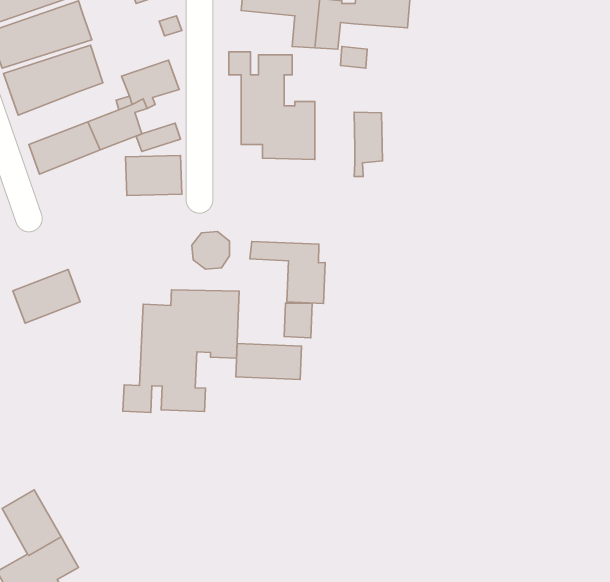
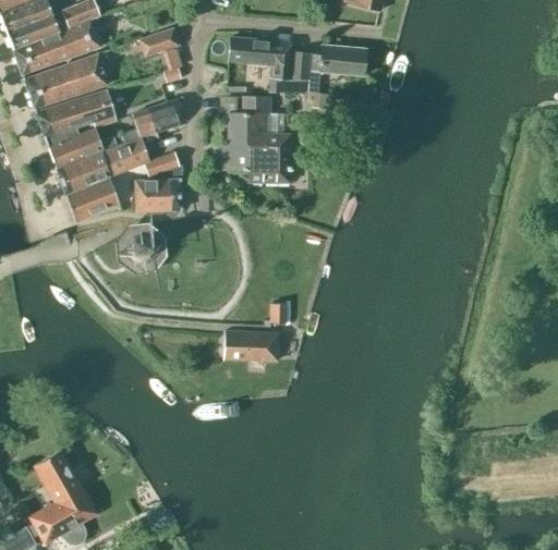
building: none -> [49,127,105,168]
building: [354,112,382,177] -> none
building: [192,232,230,269] -> [125,232,156,262]
building: [250,242,325,304] -> none
building: [13,269,80,323] -> [65,176,120,220]
building: [123,290,239,412] -> none

